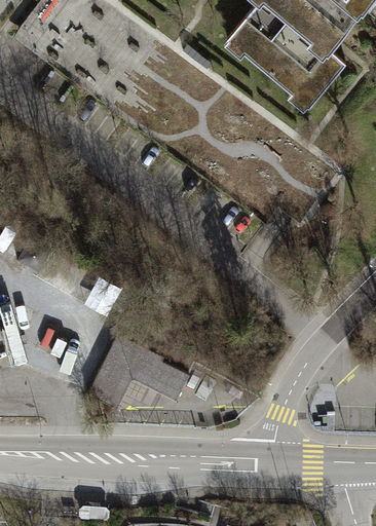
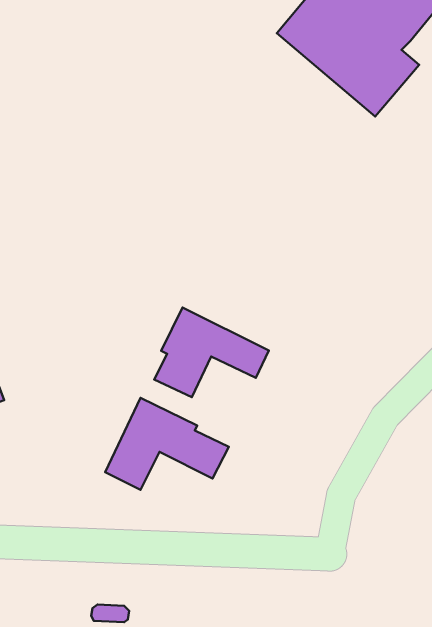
building: none -> [154,308,269,397]

